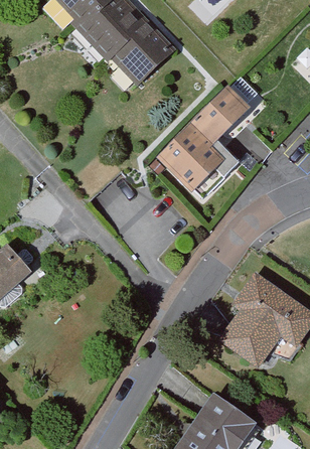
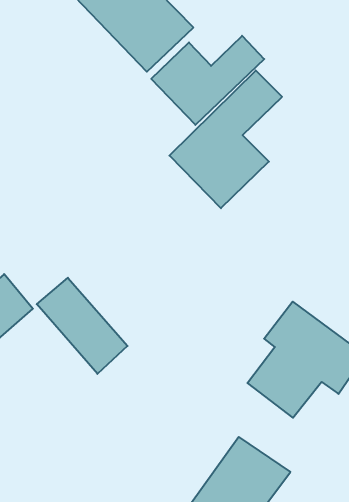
building: none -> [151,36,264,125]
building: none -> [37,278,128,374]

